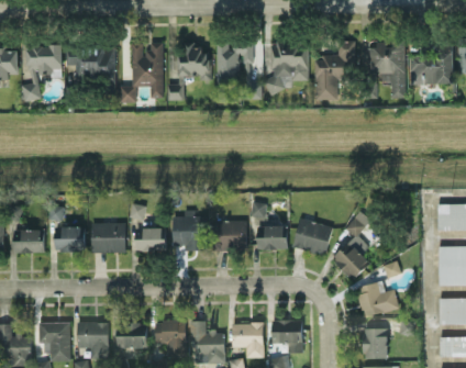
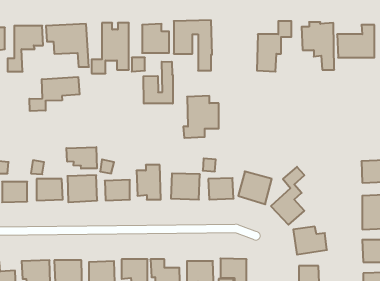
building: [266,42,308,91] -> [183,96,219,138]
building: none -> [143,62,173,104]
building: none -> [29,77,80,111]
building: none -> [66,147,97,169]

